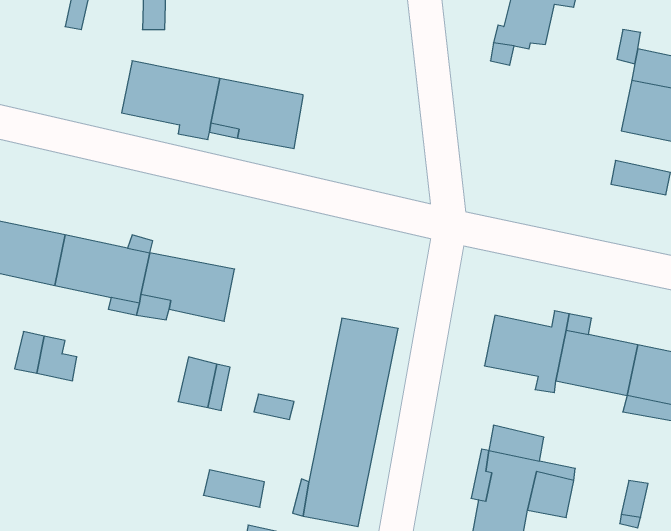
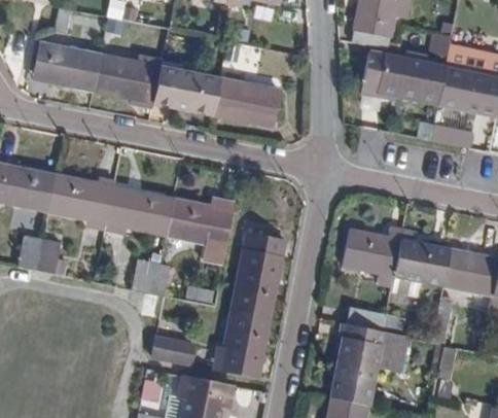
building: none -> [34,42,101,91]
building: none -> [362,51,447,103]
building: none -> [213,78,279,124]
building: none -> [165,199,234,263]

